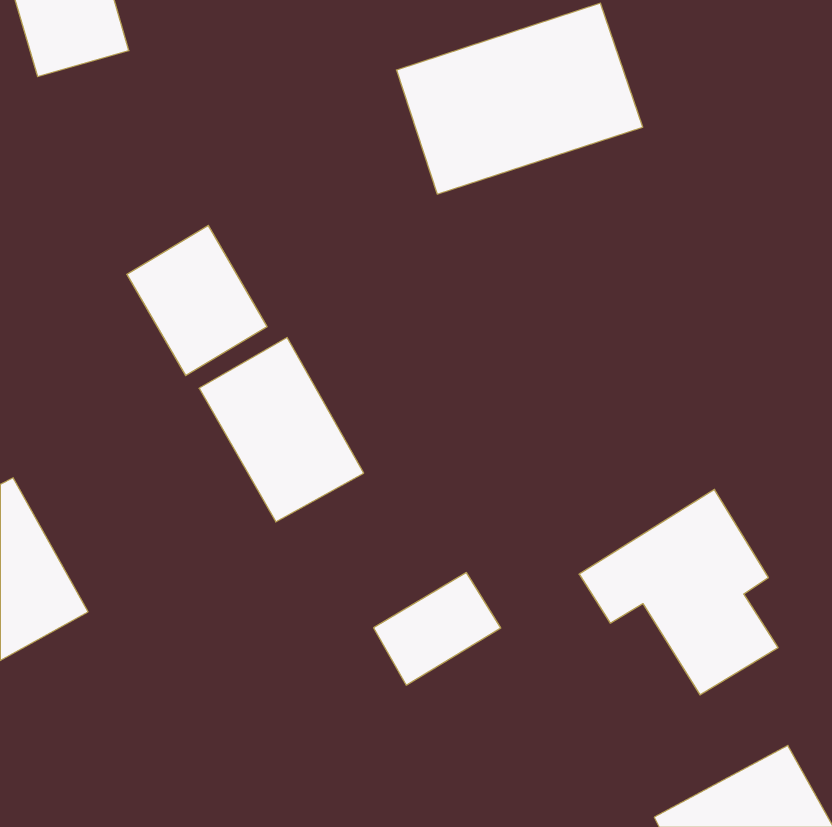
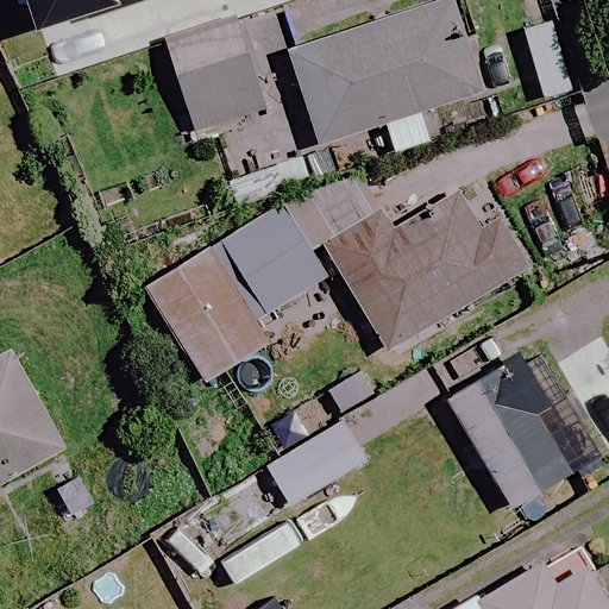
building: none -> [167,18,266,133]
building: [127,225,267,376] -> [222,203,325,313]
building: none -> [322,176,538,351]

